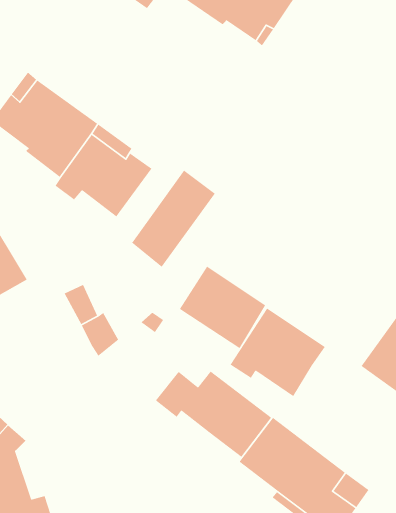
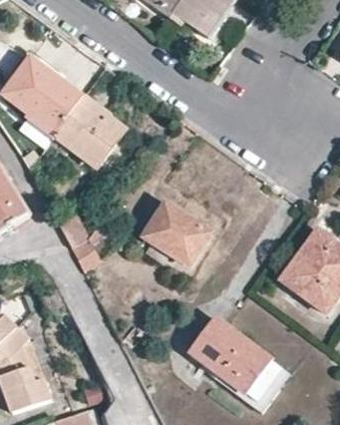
building: [131,169,216,268] -> none
building: [229,308,326,397] -> none
building: [155,371,272,458] -> none

